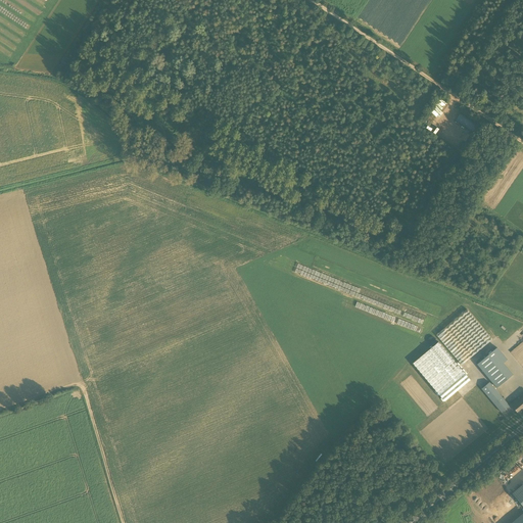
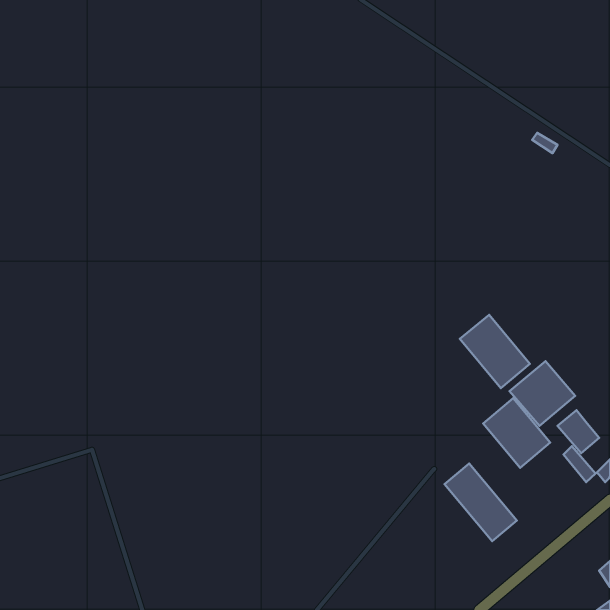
building: none -> [460,315,530,388]
building: none -> [444,464,517,541]

